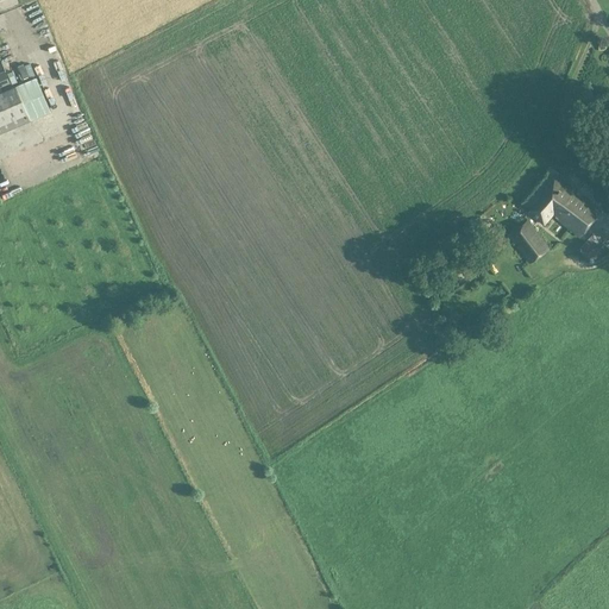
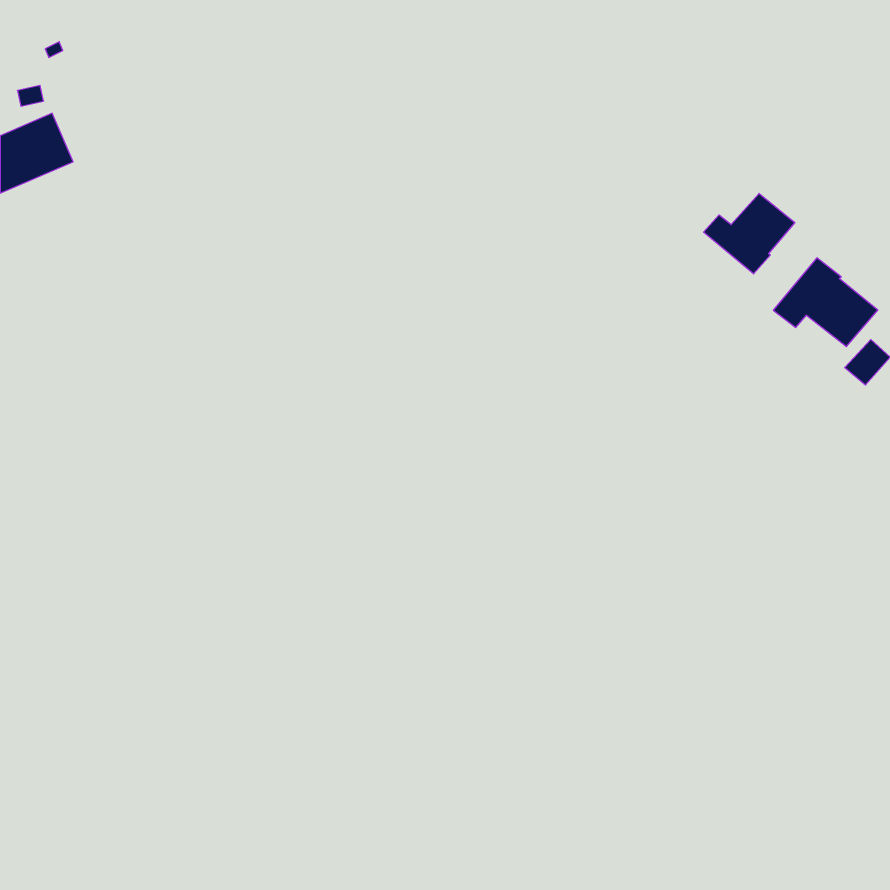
building: none -> [704,193,795,274]
building: [508,220,548,264] -> none

